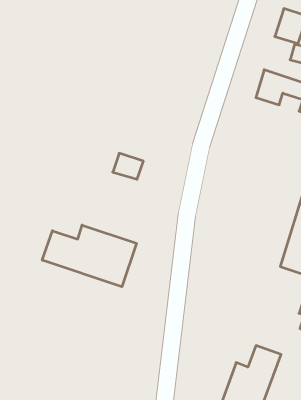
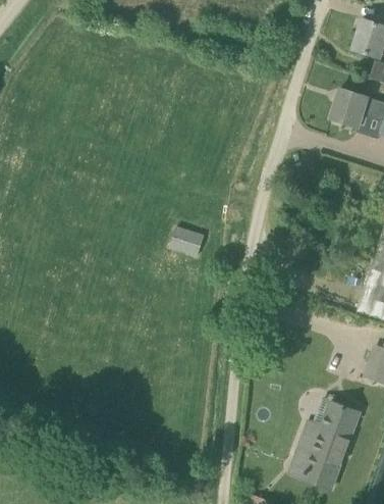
building: [113,153,143,179] -> [170,226,205,256]
building: [42,225,136,287] -> none

